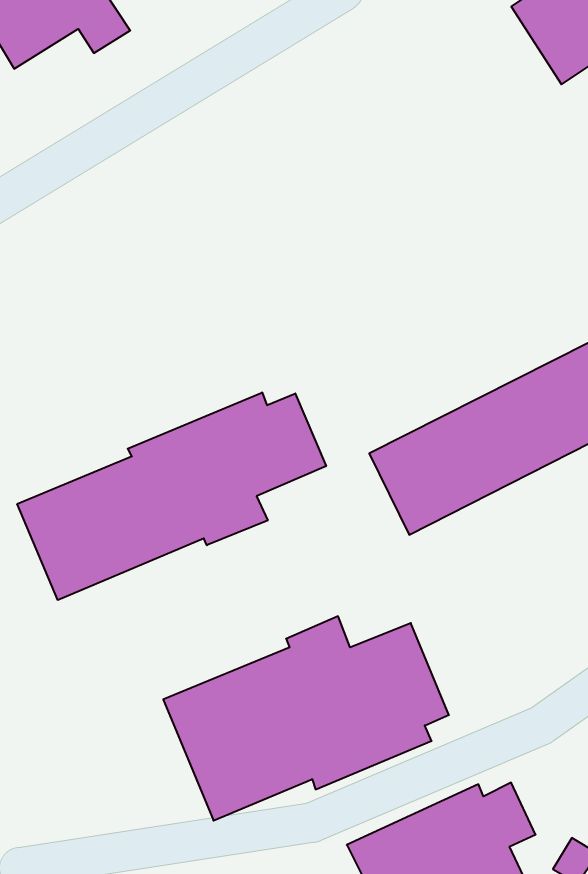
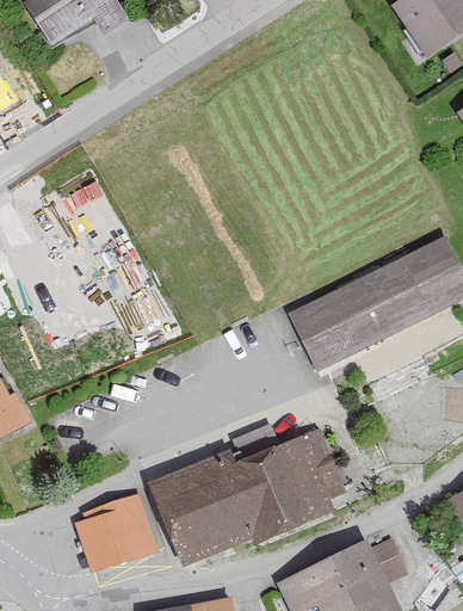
building: [17,392,326,600] -> none
building: none -> [76,493,159,574]

